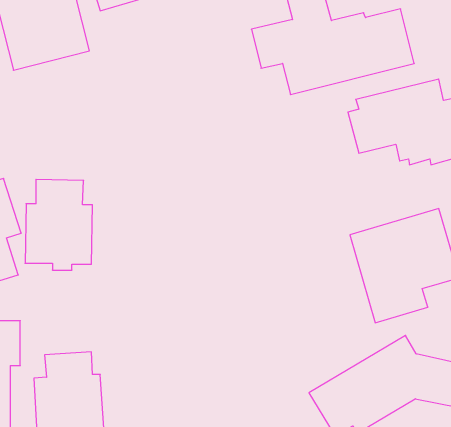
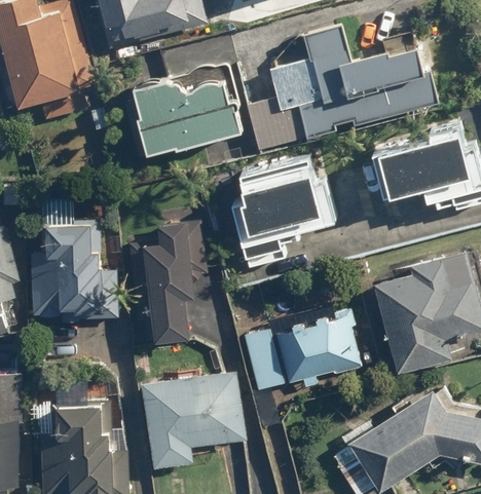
building: none -> [127,78,237,155]
building: none -> [227,151,342,270]
building: none -> [132,223,191,343]
building: none -> [245,314,362,390]
building: none -> [140,369,247,468]

